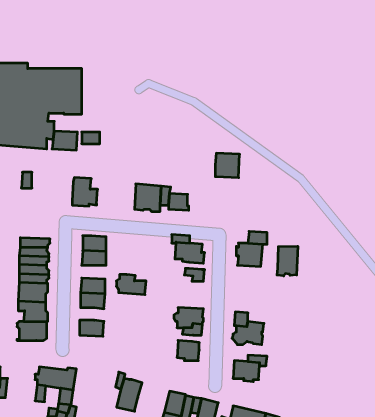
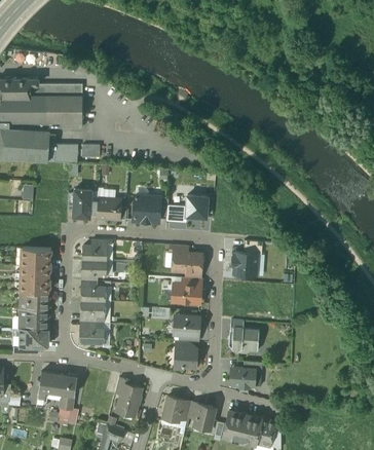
building: [215,153,240,178] -> [185,195,209,219]
building: none -> [97,199,120,220]
building: [277,246,298,276] -> none
building: [116,275,146,295] -> [172,285,200,304]

